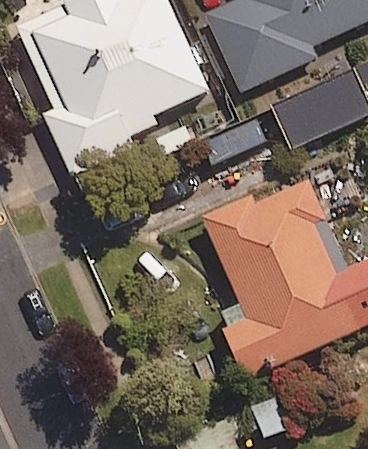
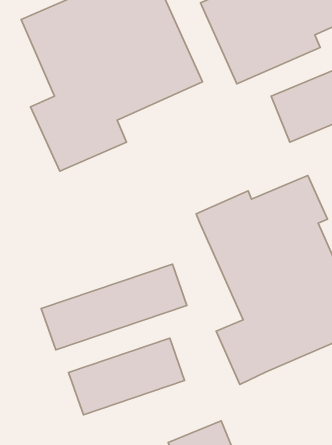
building: none -> [41,264,187,350]
building: none -> [69,338,185,415]

